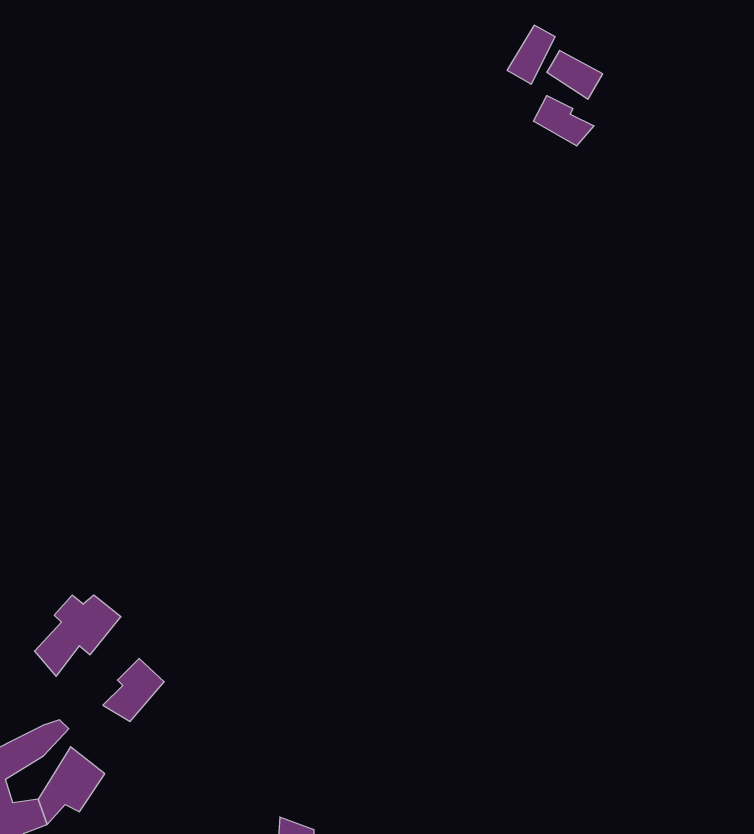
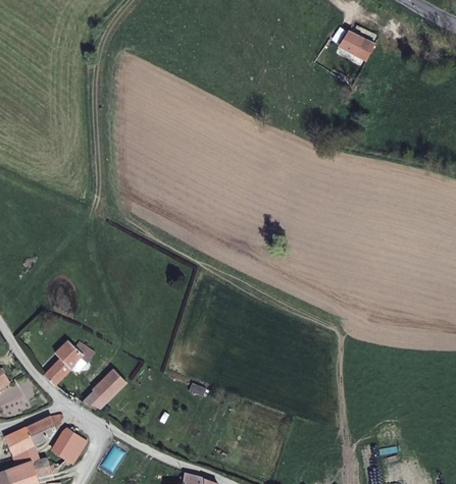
building: [507,25,555,84] -> none
building: [533,96,594,146] -> none

